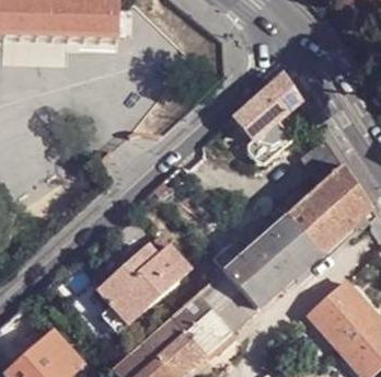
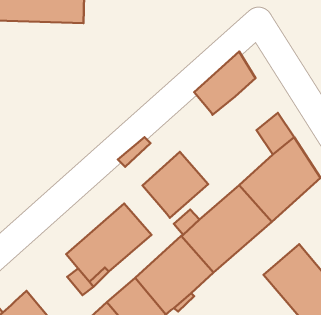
building: [249,119,295,161] -> none
building: none -> [142,152,208,218]

